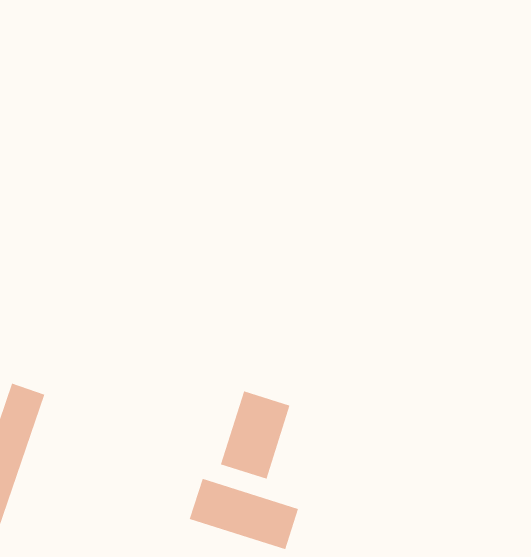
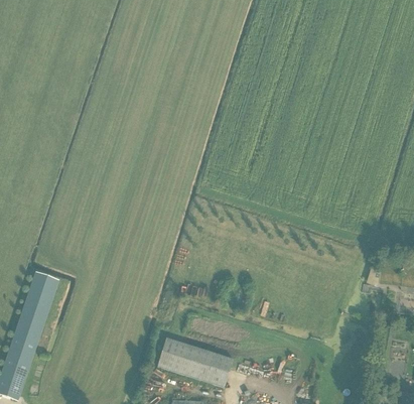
building: [220,391,290,480] -> none

